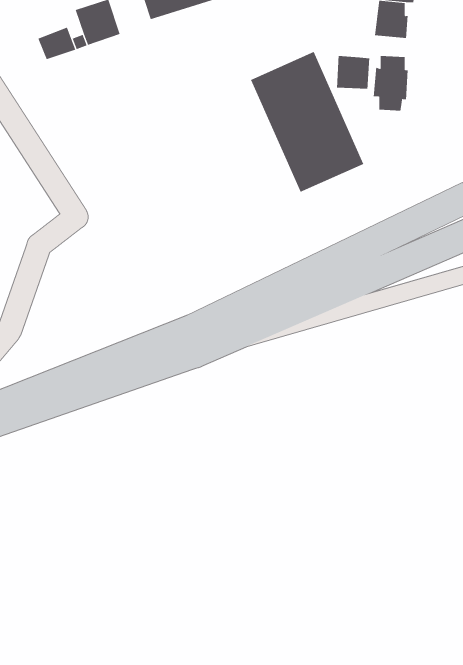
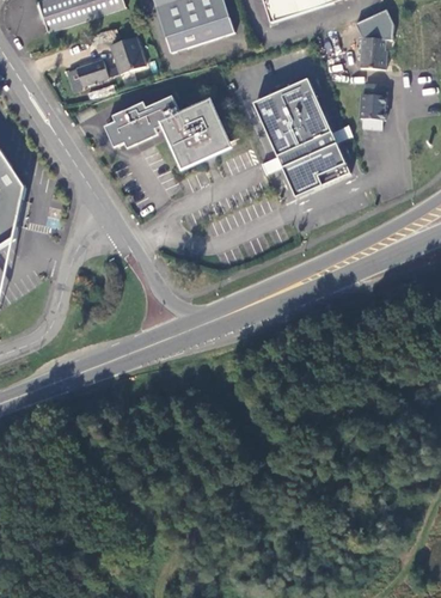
building: [336,55,370,90] -> none
building: none -> [103,94,233,171]

